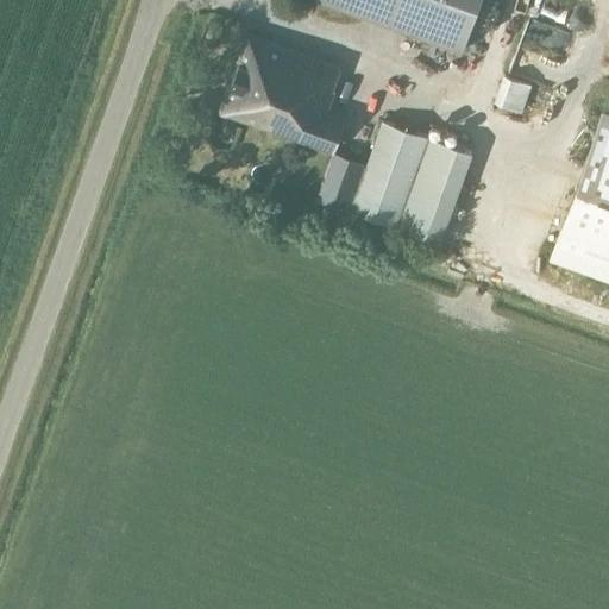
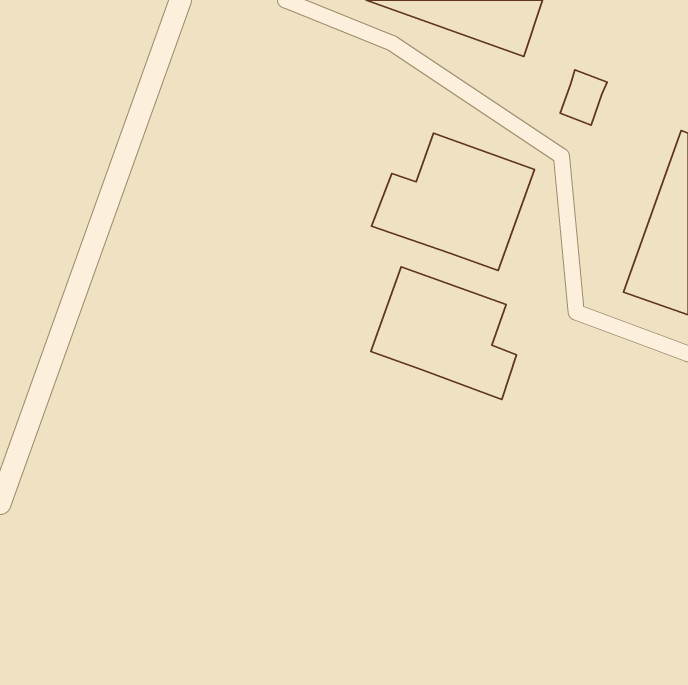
building: [220,36,346,152] -> none
building: none -> [371,267,516,400]

